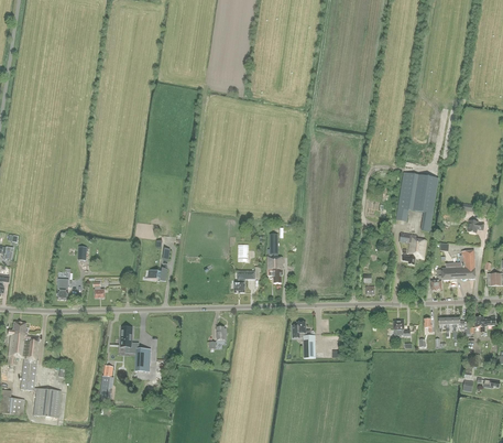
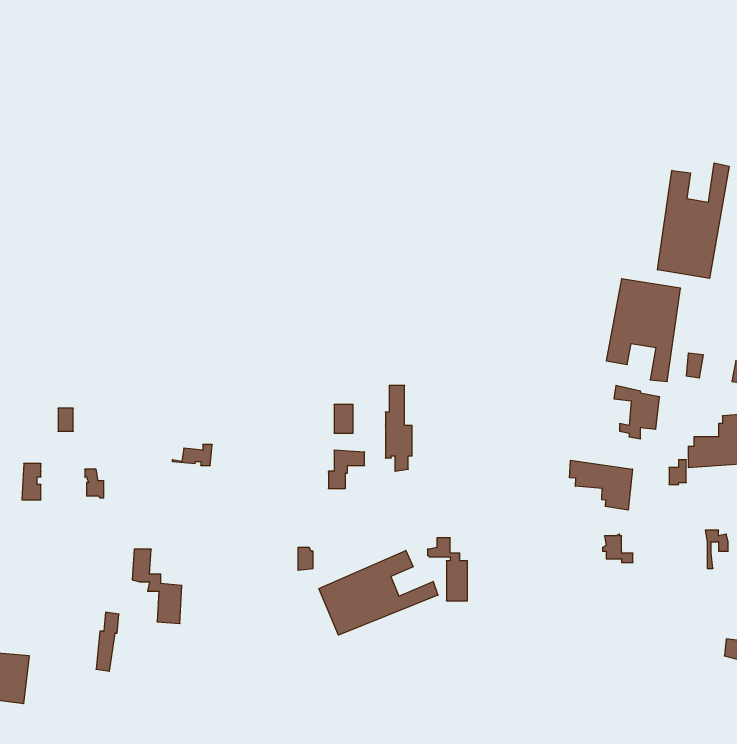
building: none -> [658,163,729,278]
building: none -> [570,460,632,510]
building: none -> [319,550,438,635]

